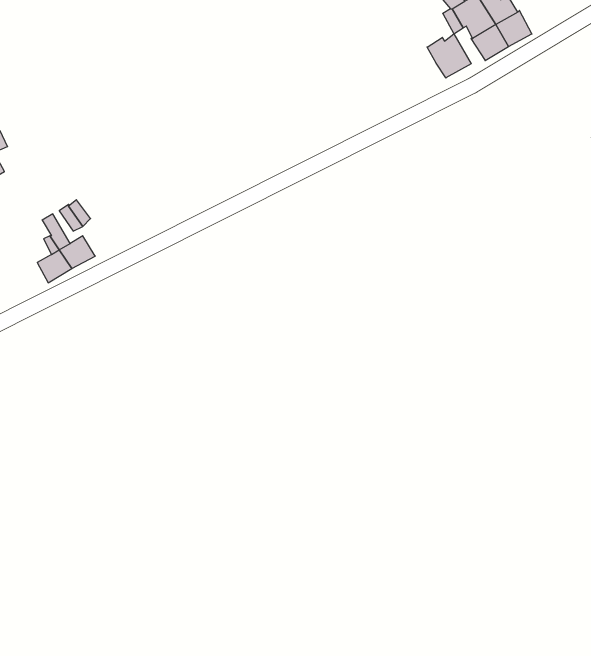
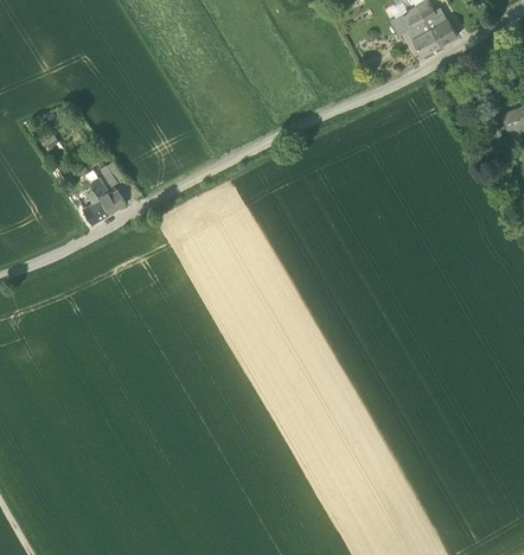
building: [427,34,471,78] -> none

